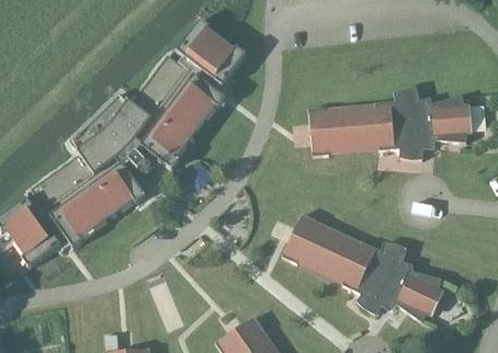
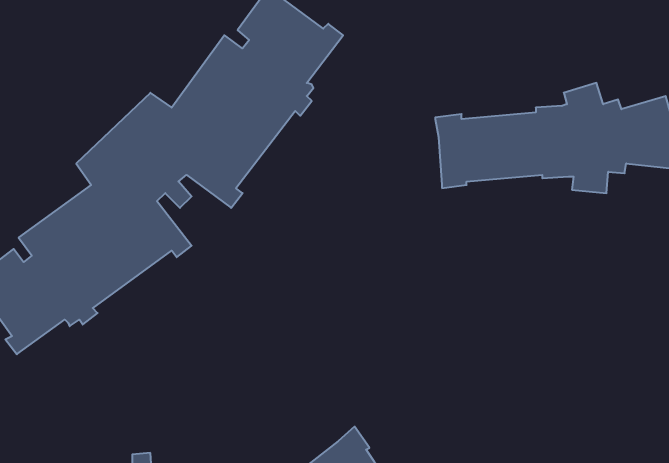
building: [283,214,443,322] -> none

